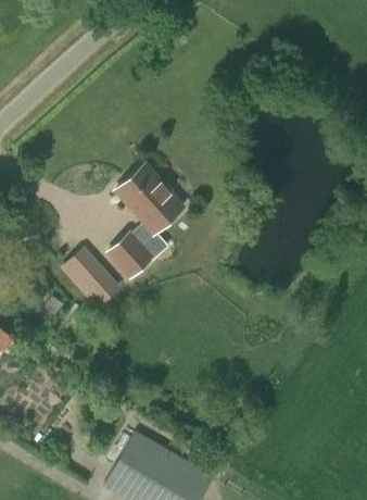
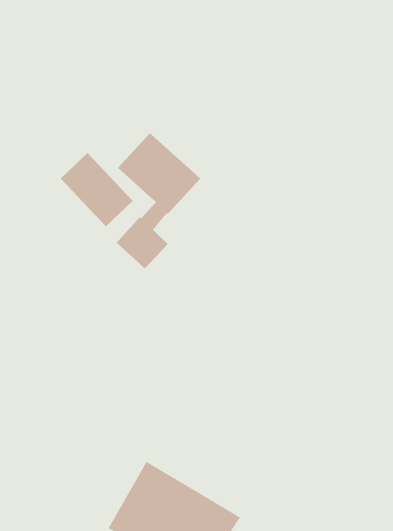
building: [61,246,122,308] -> [60,152,134,227]

